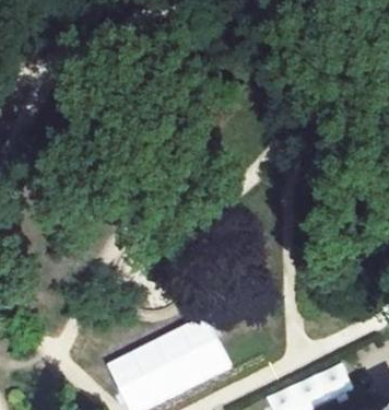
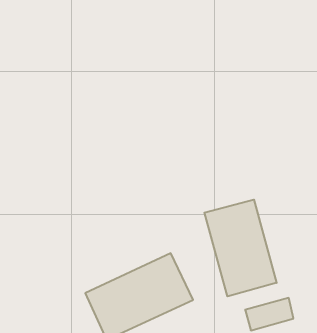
building: none -> [204,200,277,296]

